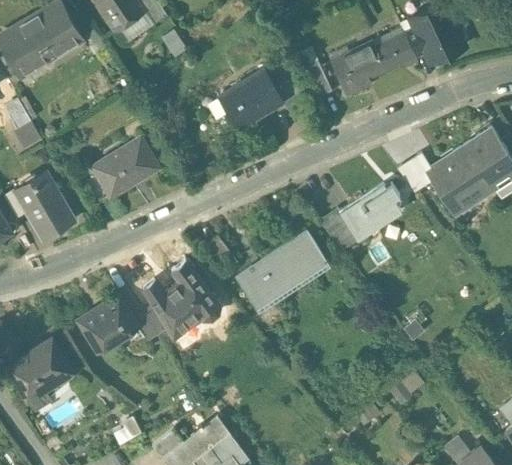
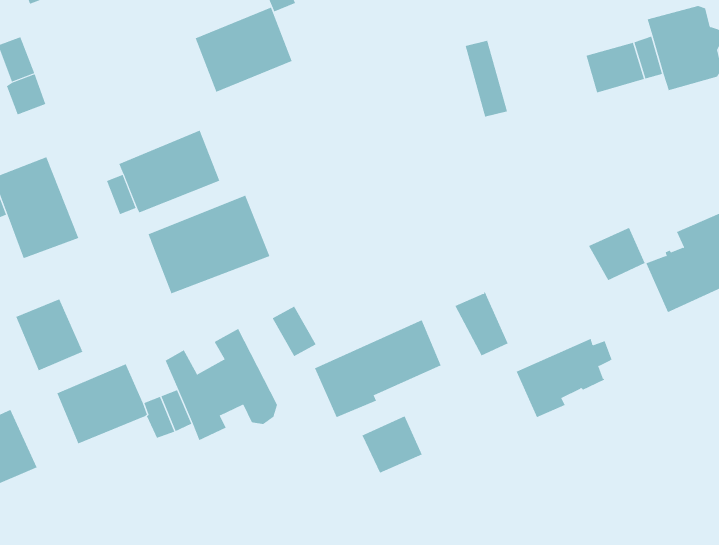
building: [330,45,386,98] -> none
building: [218,70,282,130] -> [195,7,293,93]
building: none -> [148,195,270,294]
building: [339,184,399,240] -> [516,338,613,418]
building: none -> [15,298,84,371]
building: none -> [361,416,422,473]

